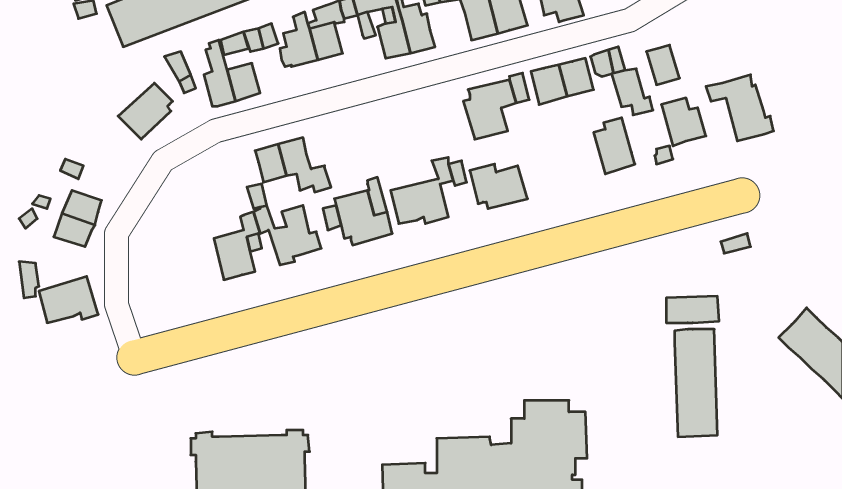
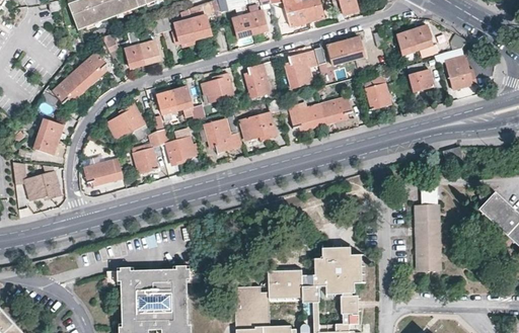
building: [612,69,653,115] -> [412,26,437,55]
building: none -> [244,61,272,96]
building: none -> [52,73,87,104]
building: none -> [201,73,233,102]
building: none -> [318,96,350,123]
building: none -> [107,103,150,140]
building: none -> [84,158,124,185]

